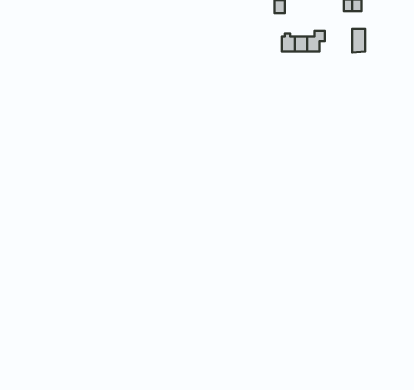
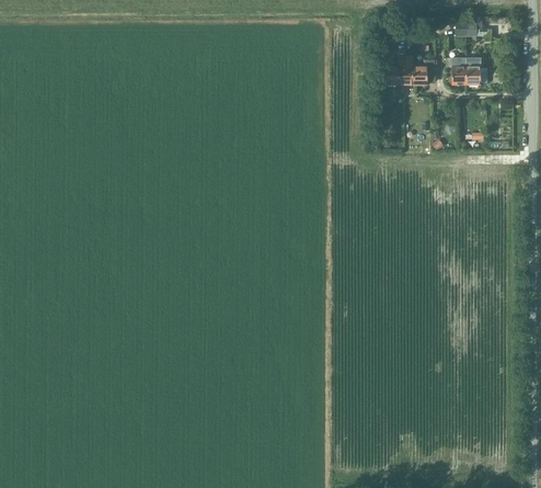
building: none -> [447,57,467,84]

